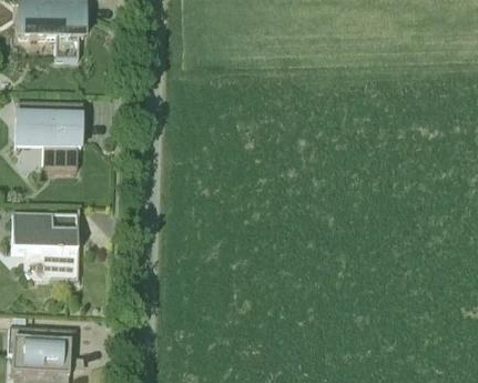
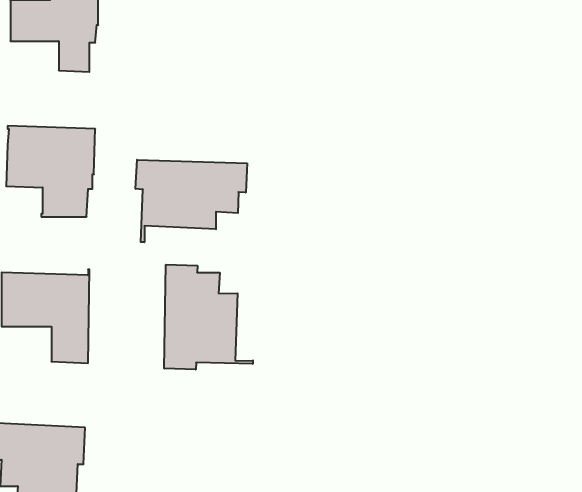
building: none -> [136,160,247,242]
building: none -> [164,265,253,370]

